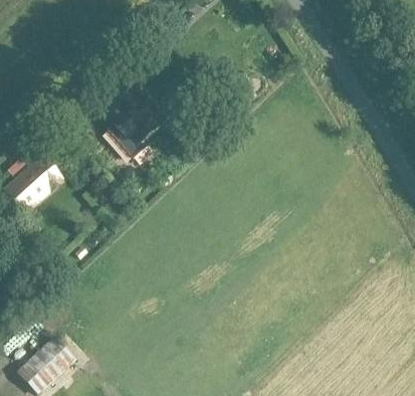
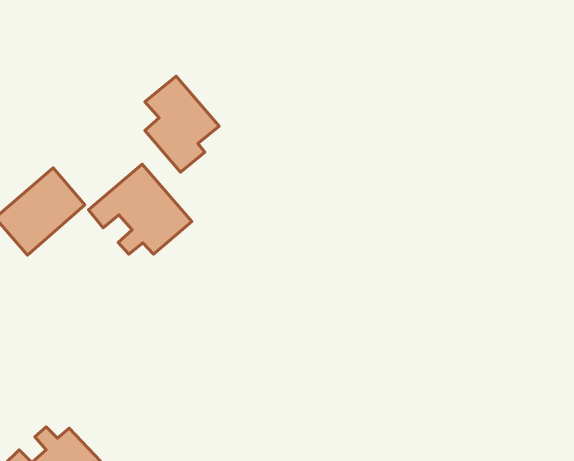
building: none -> [89,164,192,254]

